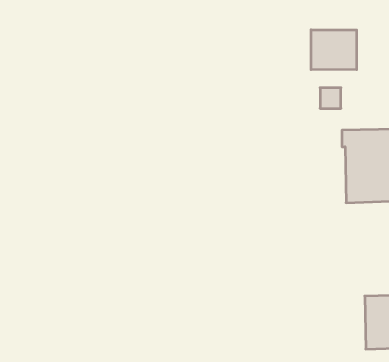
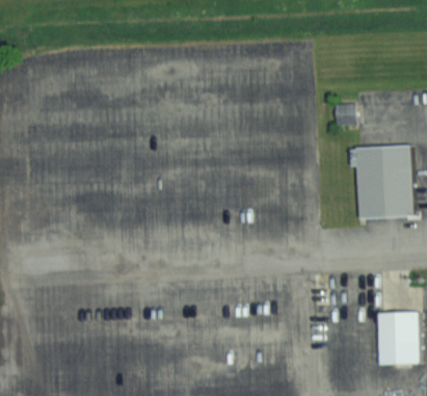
building: [311,30,357,70] -> none

